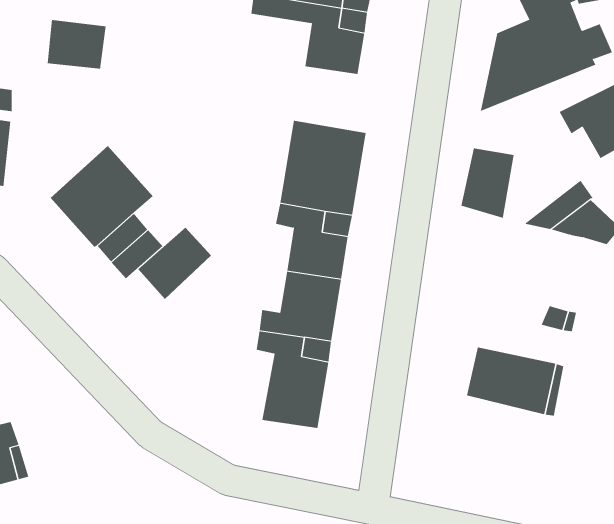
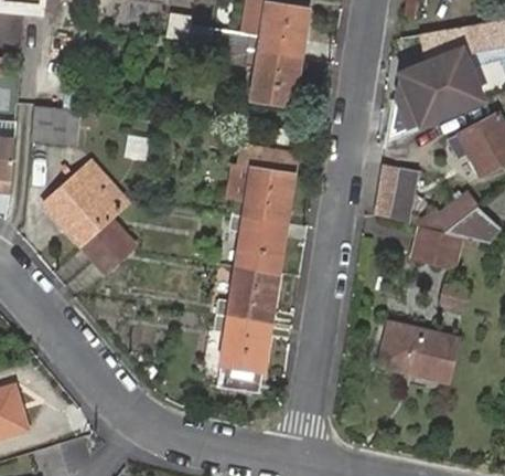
building: [47,19,106,69] -> [33,105,80,145]
building: none -> [410,224,461,266]
building: [137,227,212,300] -> none

